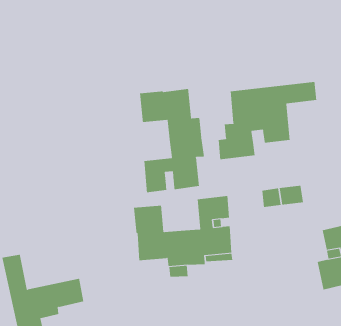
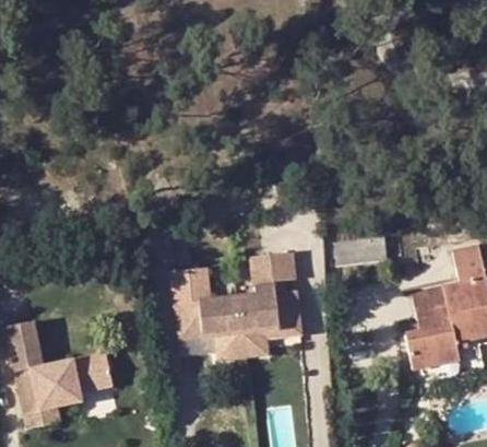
building: [218,81,317,160] -> none
building: [139,88,204,193] -> none

